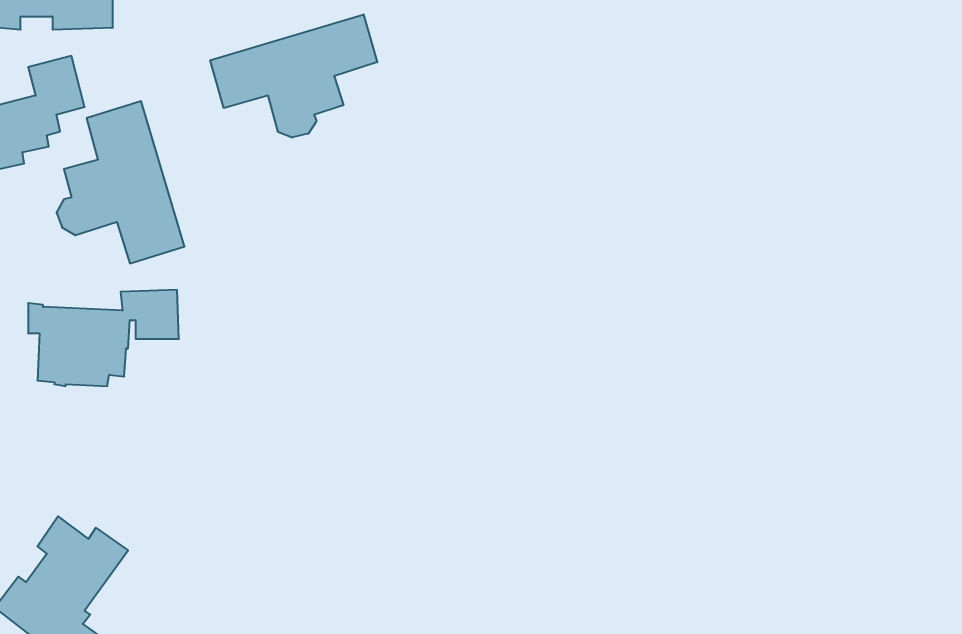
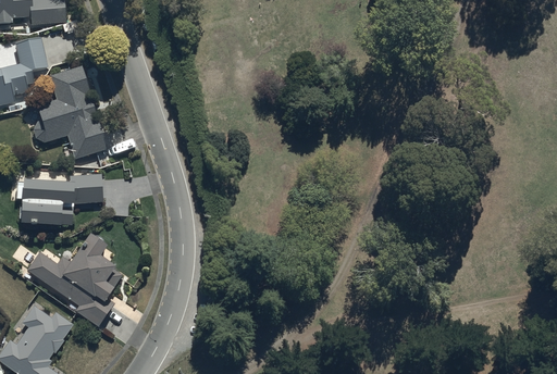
building: [210,14,377,138] -> none
building: none -> [26,237,122,327]

